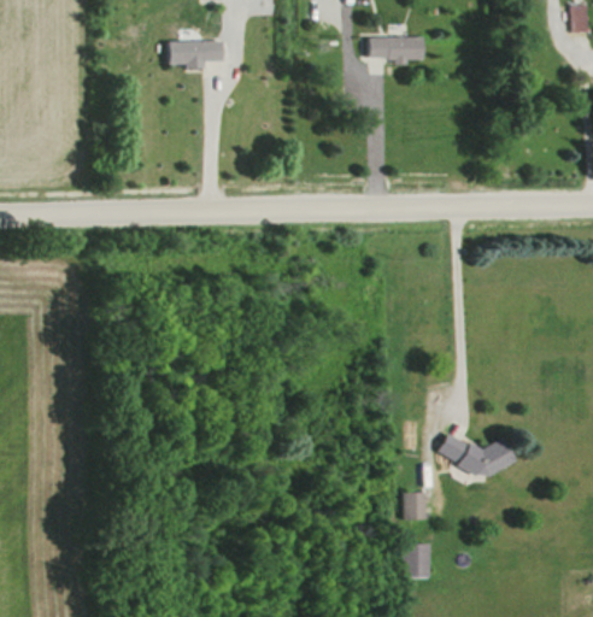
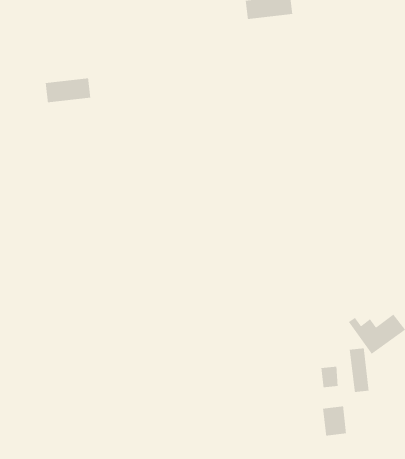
building: [168,40,222,65] -> [45,78,91,103]
building: none -> [349,347,370,393]

